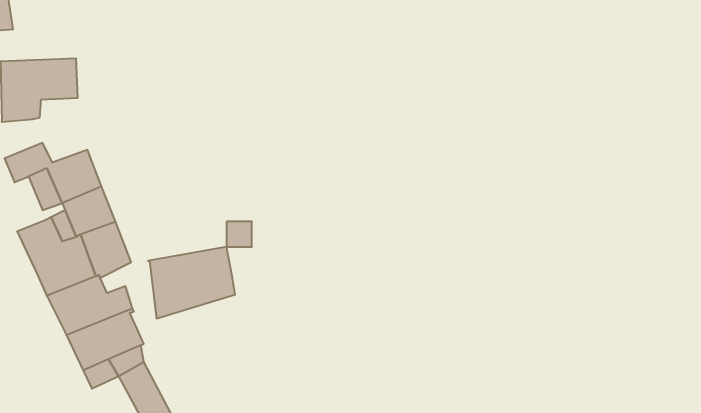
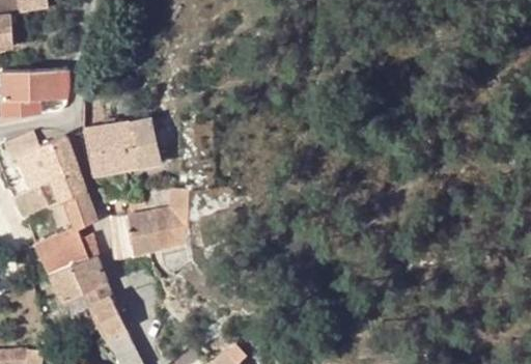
building: none -> [85,118,162,176]

